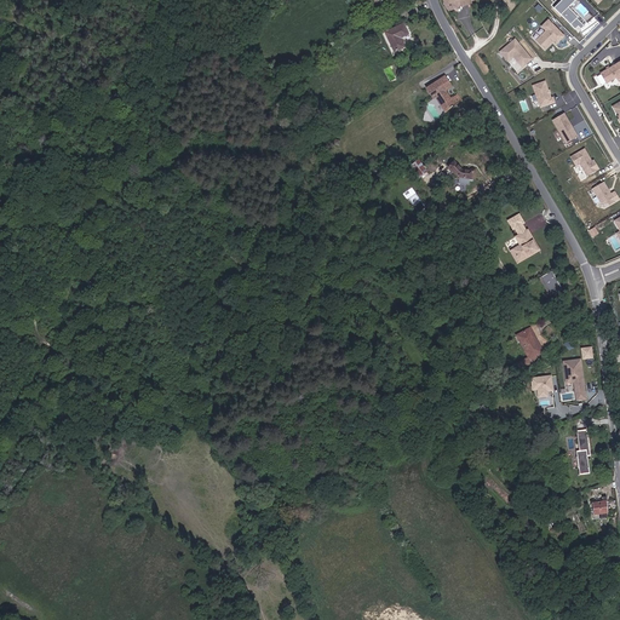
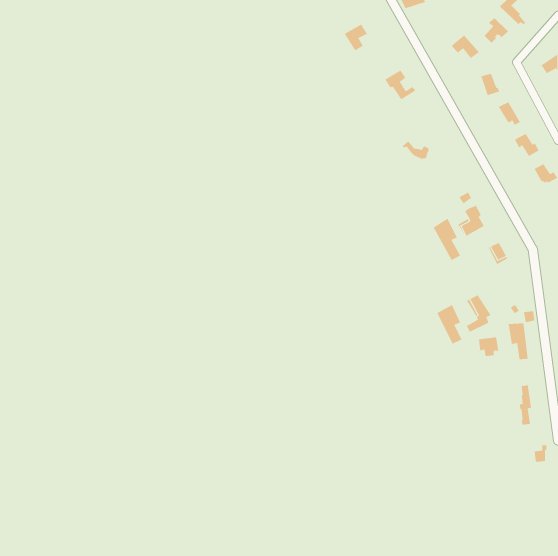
building: none -> [433,218,461,261]
building: none -> [437,304,462,345]

